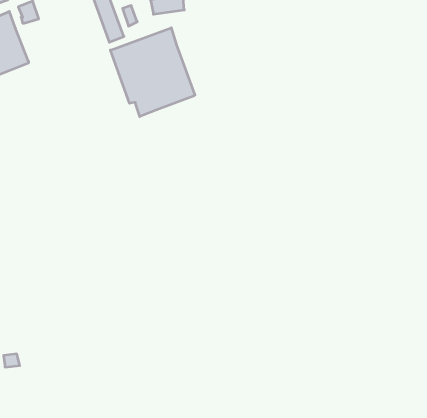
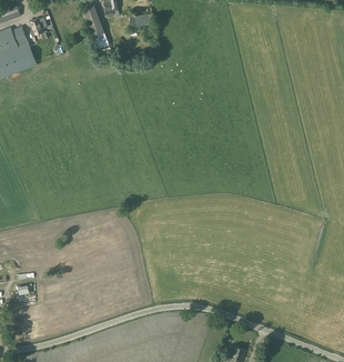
building: [110,28,195,117] -> none

